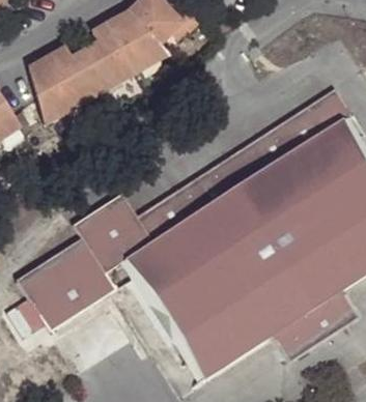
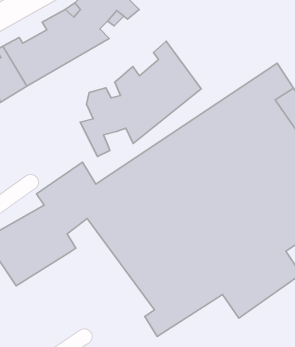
building: none -> [80,41,201,156]

